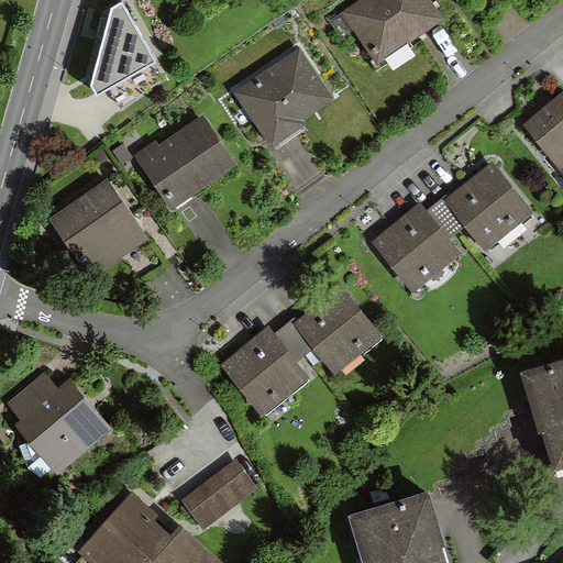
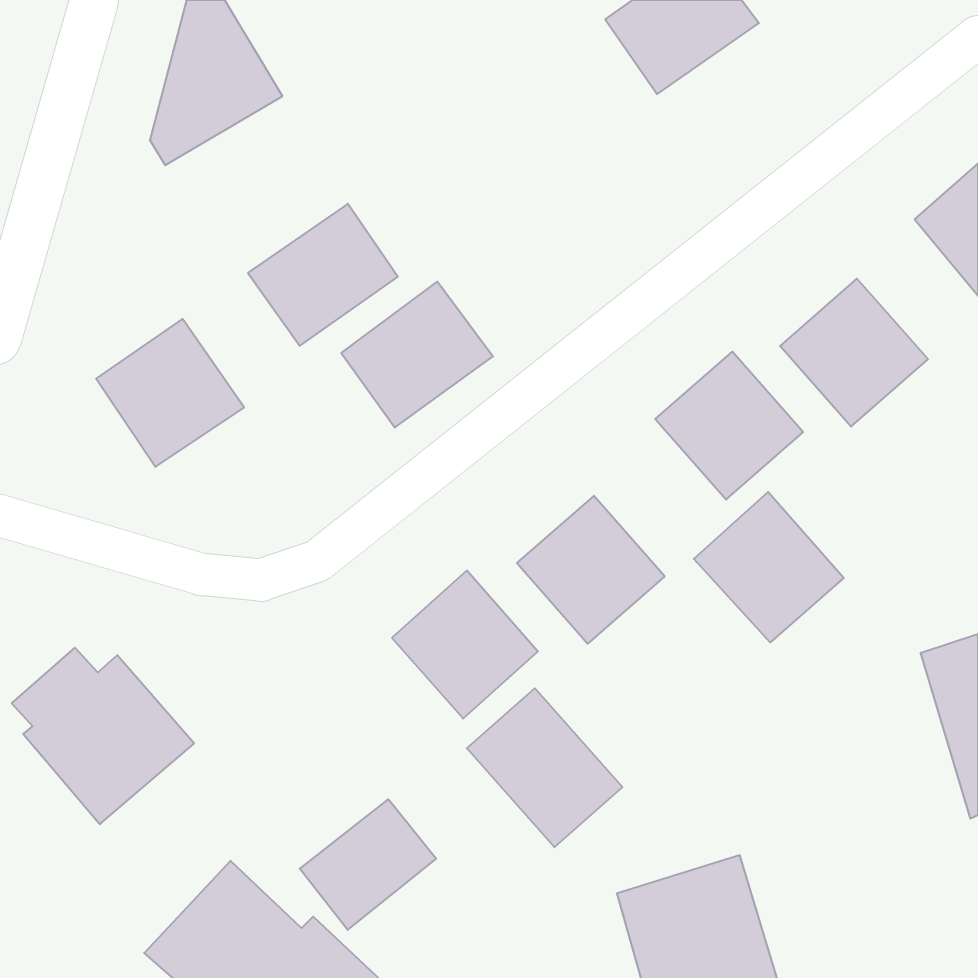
building: [240,52,327,135] -> [341,282,493,428]
building: none -> [694,492,844,642]
building: none -> [467,688,622,847]

